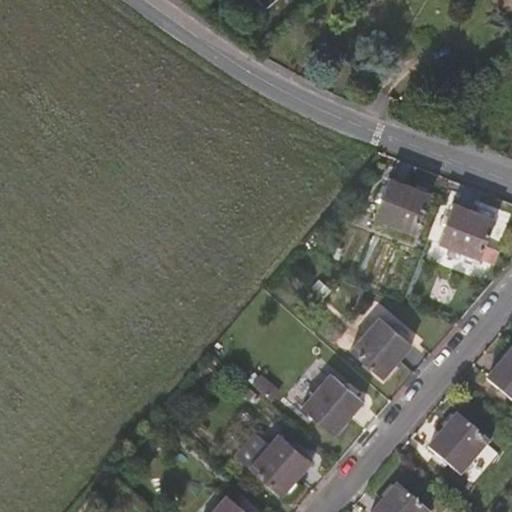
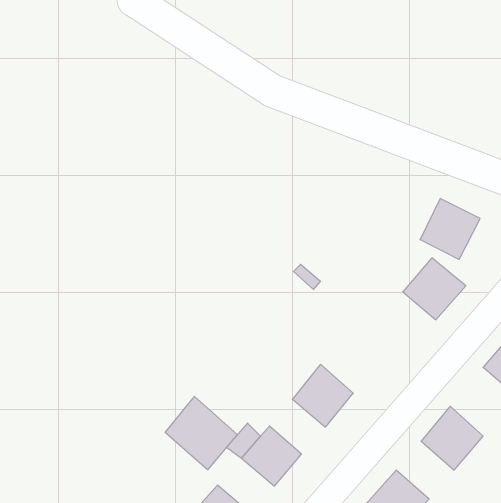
building: [367,176,429,236] -> none
building: [350,315,413,377] -> [403,258,466,320]
building: none -> [165,396,237,470]

